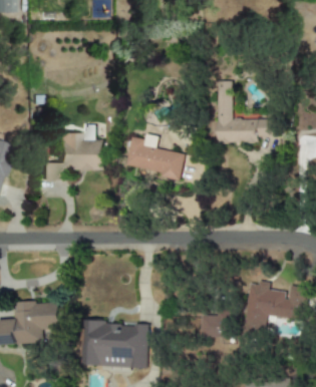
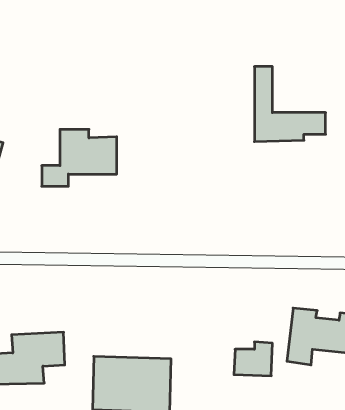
building: [127,133,186,179] -> none

